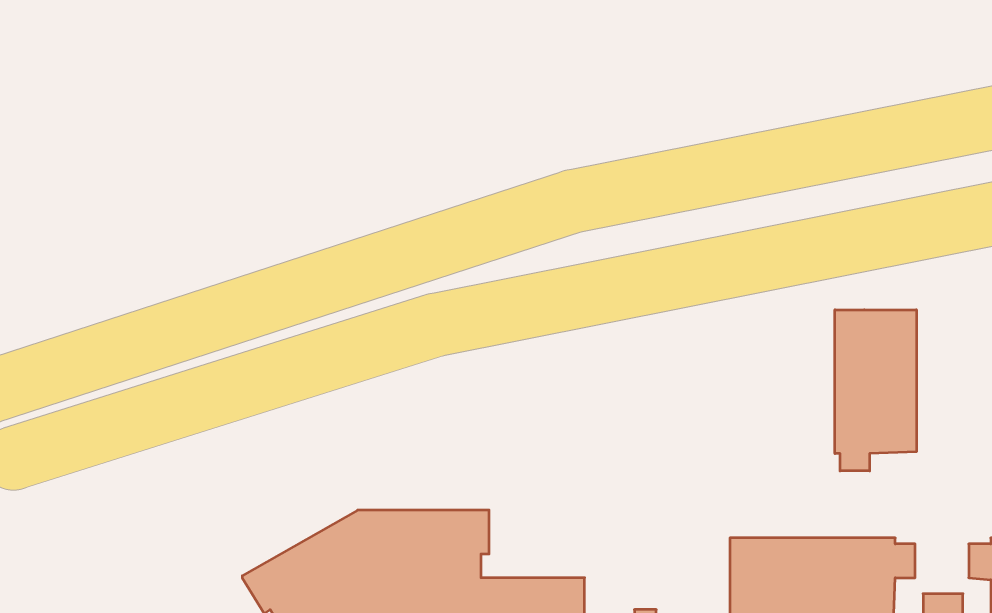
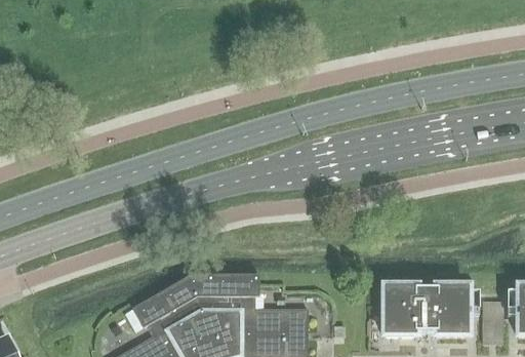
building: [835,310,916,471] -> none

